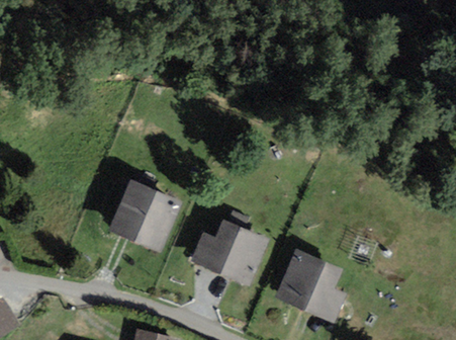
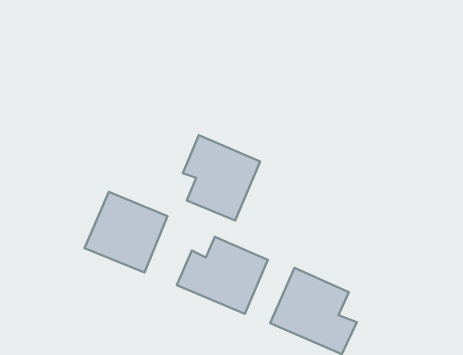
building: none -> [183,135,260,221]

